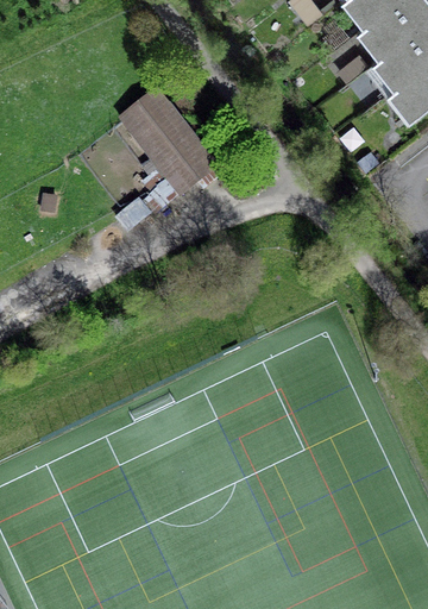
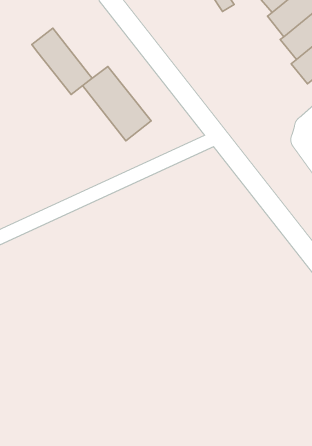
building: none -> [32,28,92,95]

